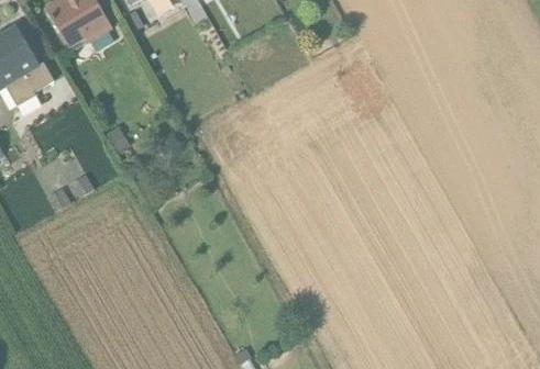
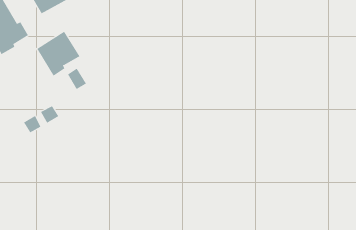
building: none -> [37,31,80,76]

